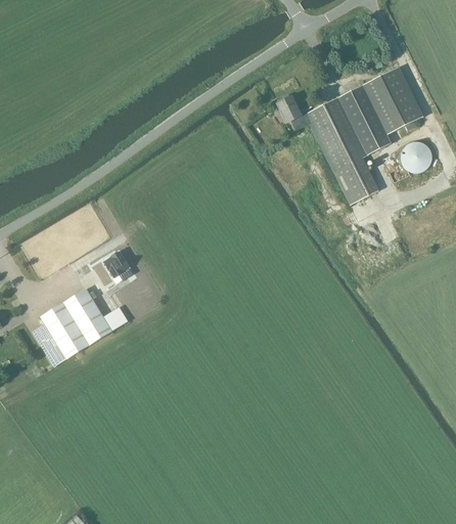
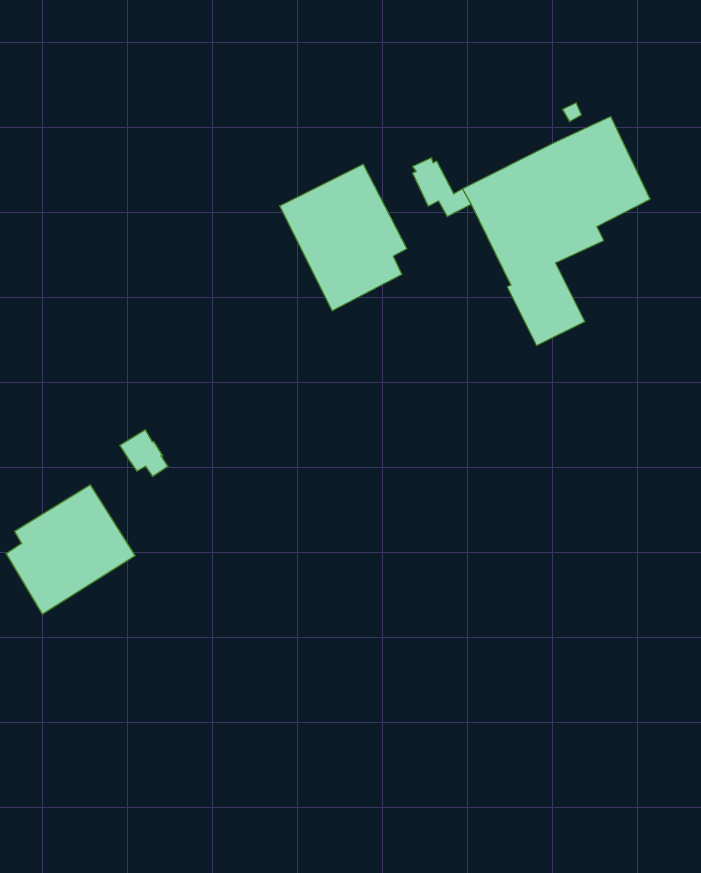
building: none -> [280,164,407,311]
building: [401,141,431,172] -> none

